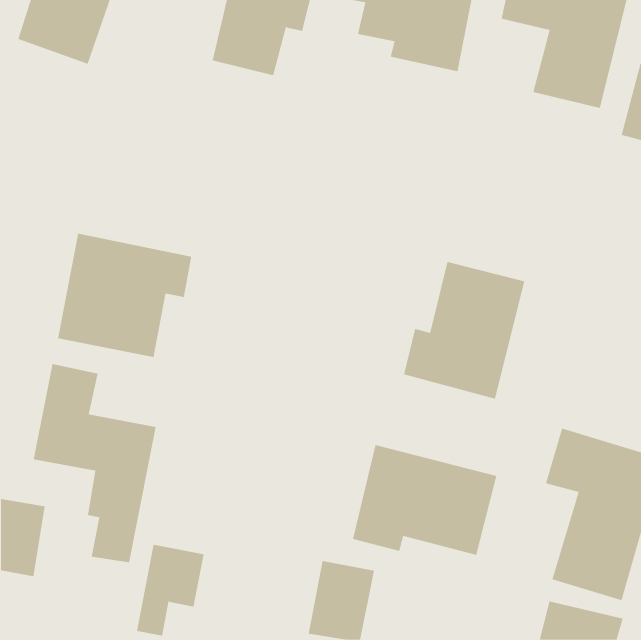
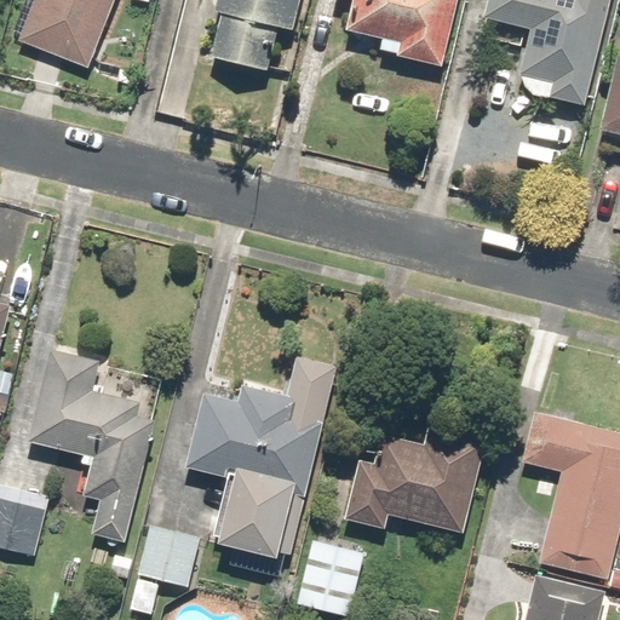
building: [58,233,192,358] -> none
building: [404,261,525,399] -> none
building: none -> [189,356,341,562]

